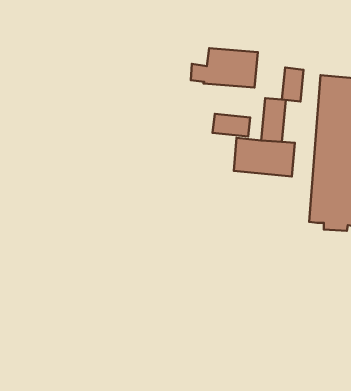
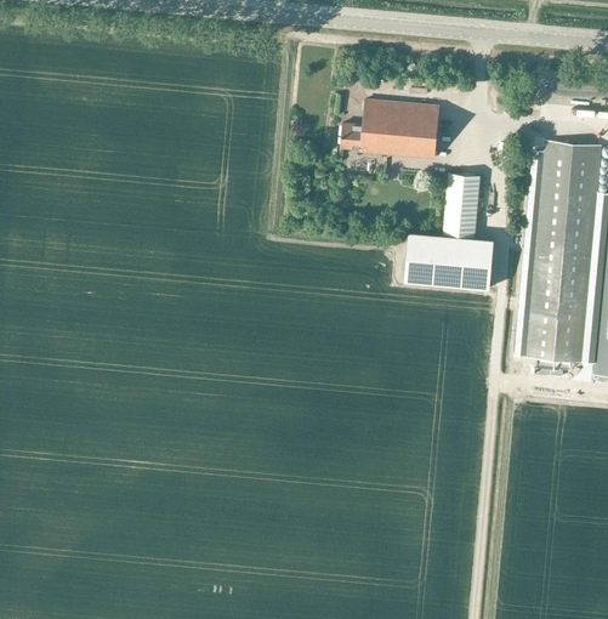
building: [282,68,303,102] -> none
building: [213,114,250,136] -> none

